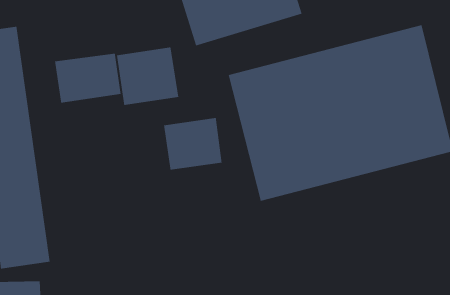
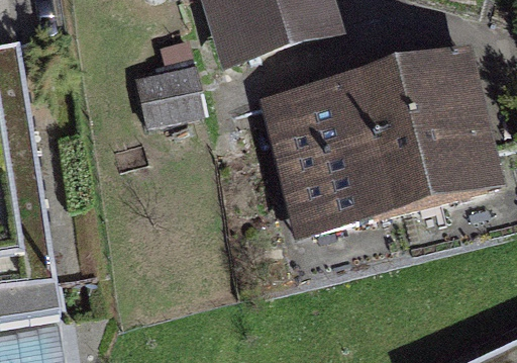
building: [55,53,121,103] -> none
building: [163,117,222,171] -> none

